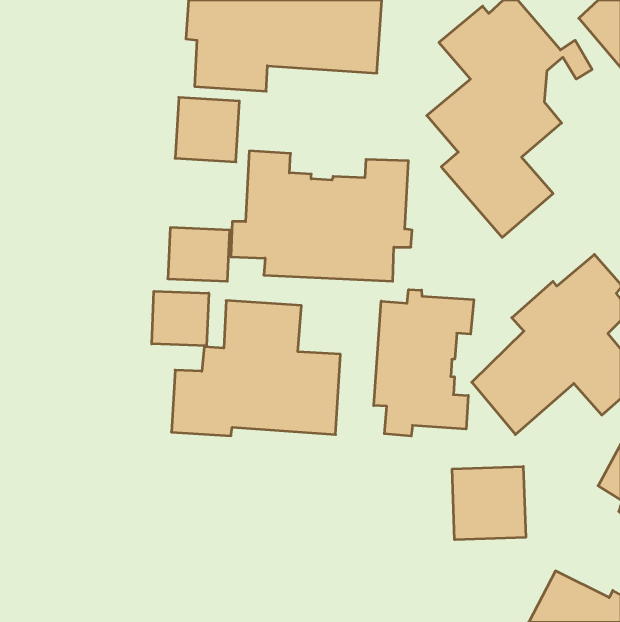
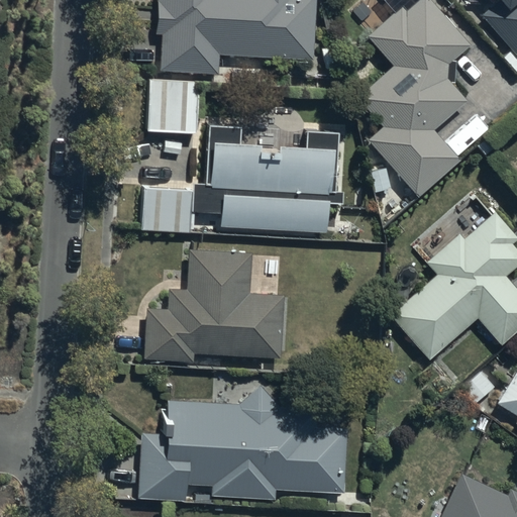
building: [374,290,474,436] -> none
building: [152,291,209,346] -> none
building: none -> [138,387,347,501]
building: [452,466,526,540] -> none

